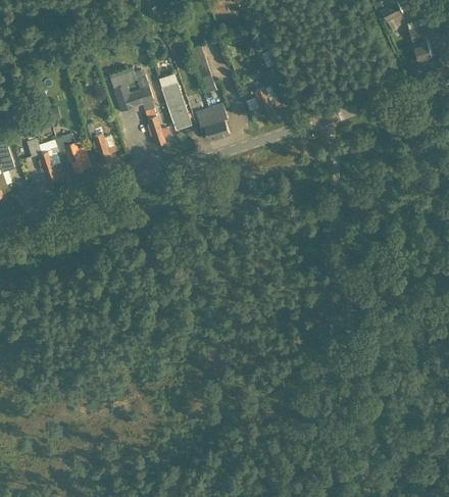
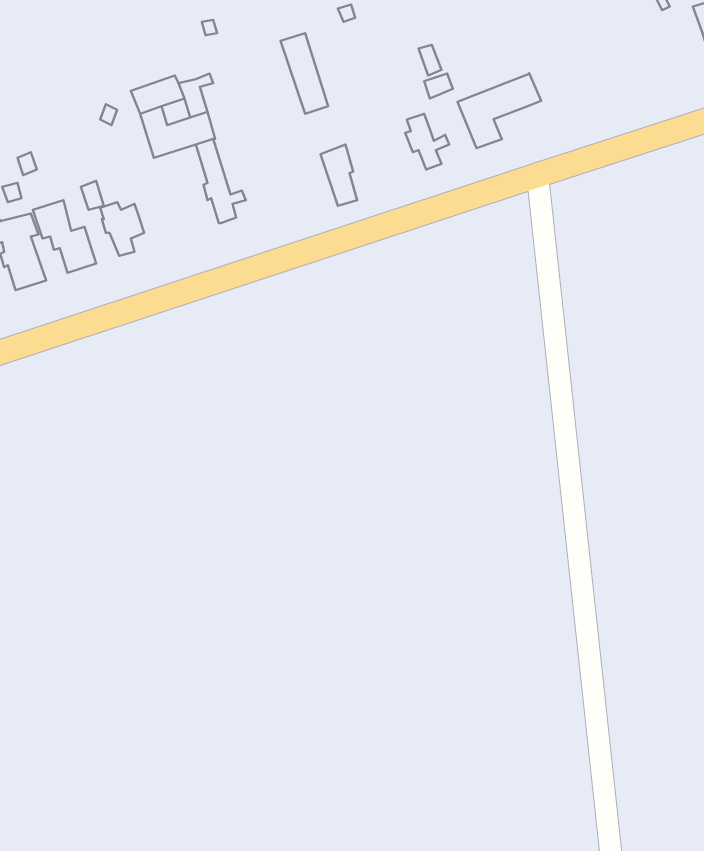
building: none -> [457,73,541,148]
building: [161,83,191,131] -> none
building: [195,109,218,141] -> none

